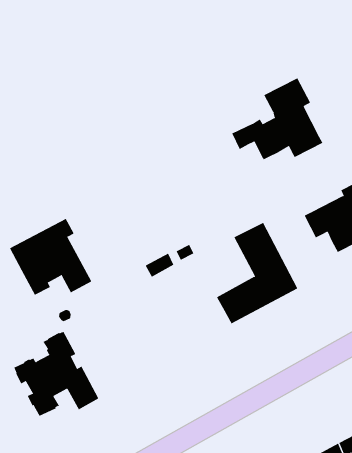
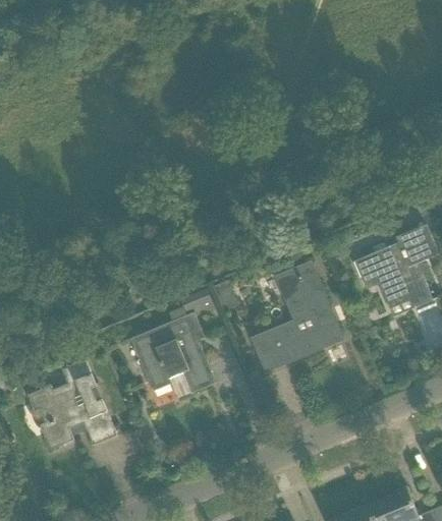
building: [232,77,323,163] -> none
building: [9,218,92,295] -> [129,311,215,392]

